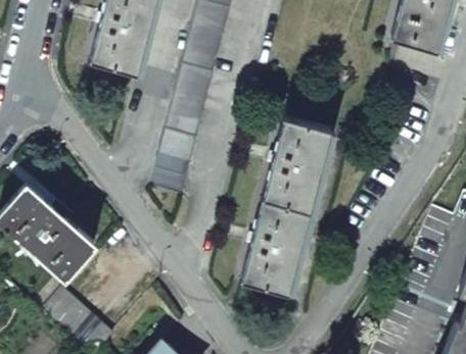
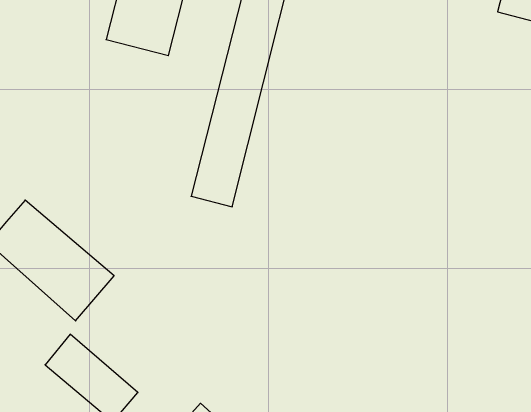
building: [241,117,331,293] -> none

